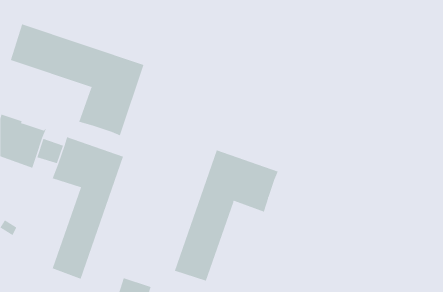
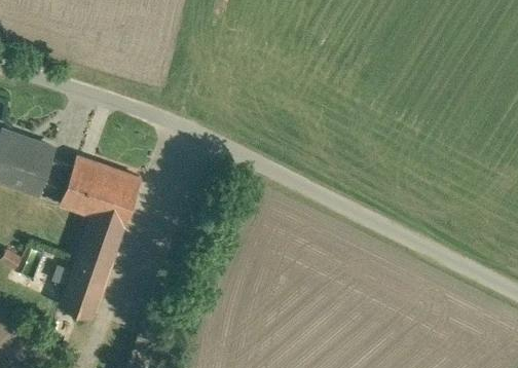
building: [10,24,144,136] -> none
building: [174,150,278,281] -> none

